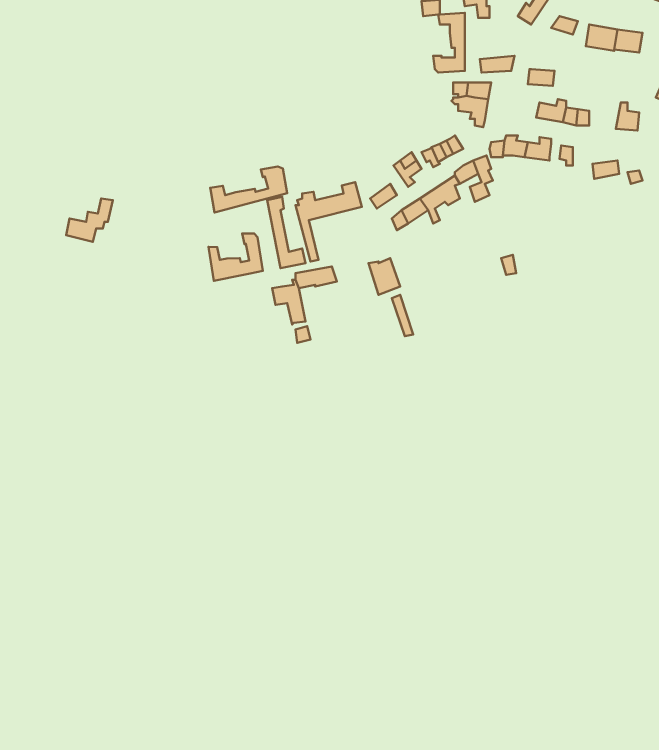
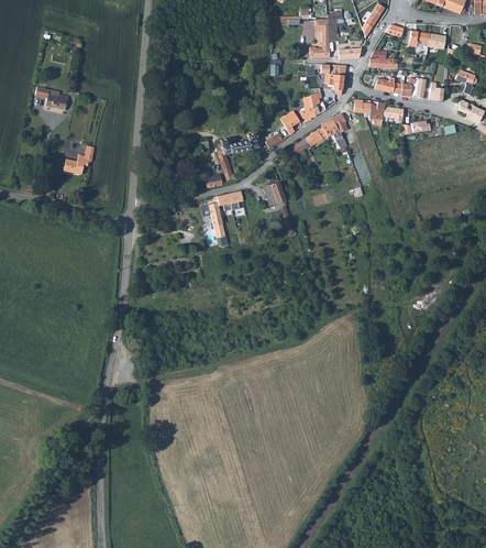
building: none -> [35,84,67,107]
building: [210,167,287,212] -> none
building: [208,233,263,281] -> none

